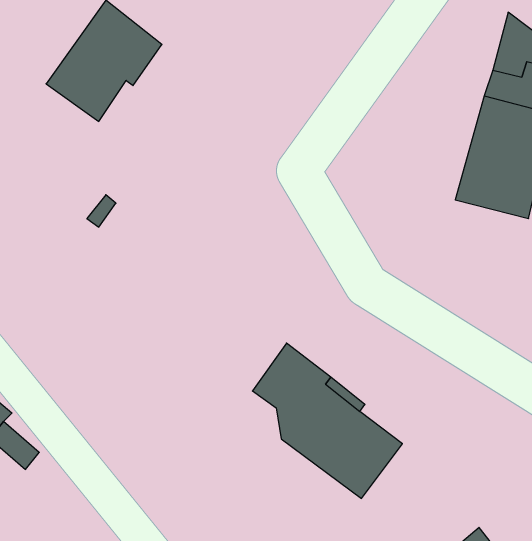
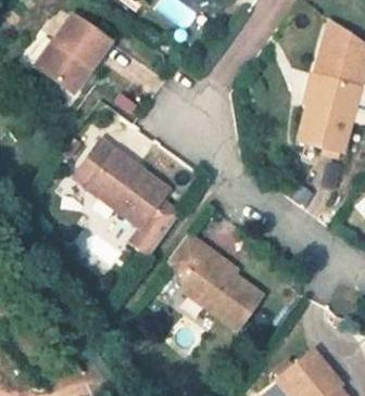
building: none -> [67,135,180,255]

